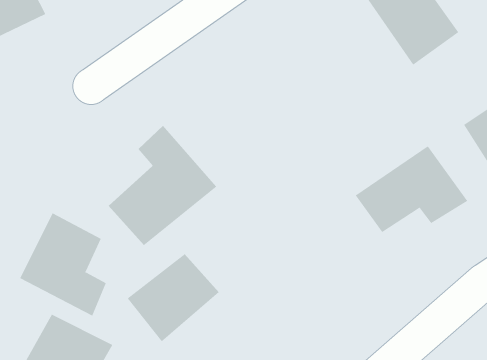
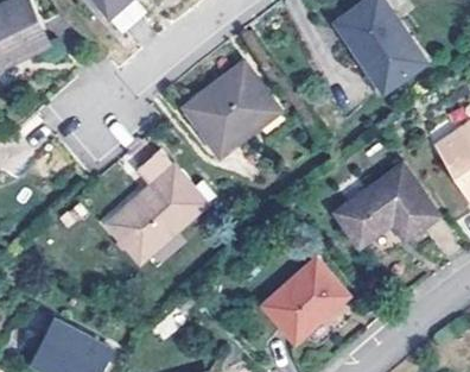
building: none -> [184,63,280,157]
building: [20,213,107,316] -> none
building: [127,253,220,342] -> [262,261,348,343]

